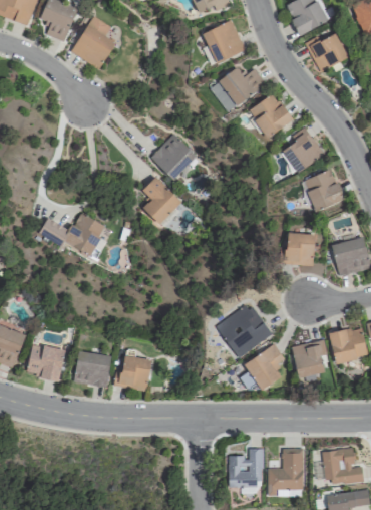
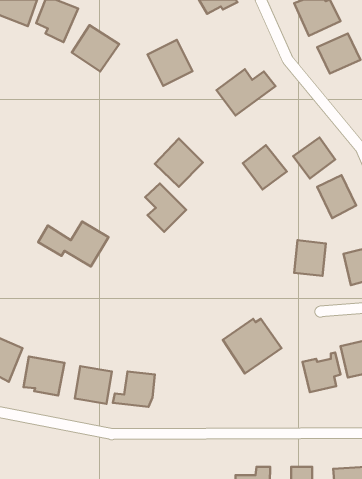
building: [204,20,247,64] -> [147,40,193,86]
building: [250,93,292,136] -> [243,145,287,189]
building: [244,342,286,390] -> none

